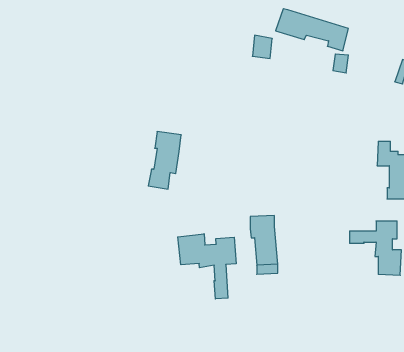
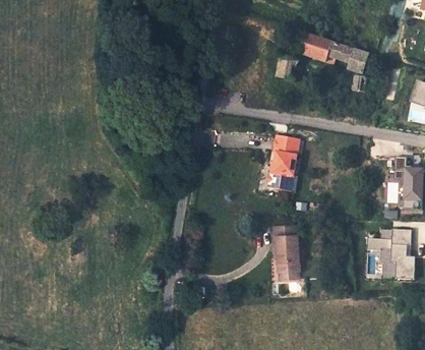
building: [148,132,181,189] -> [266,138,297,191]
building: [178,234,236,299] -> none

